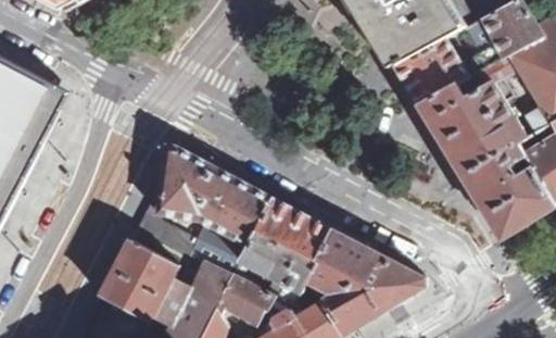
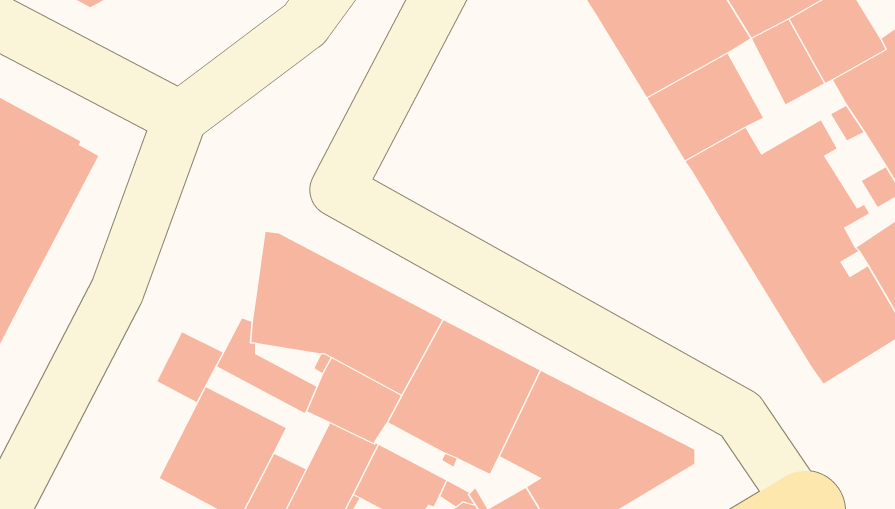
building: none -> [156,331,224,403]

